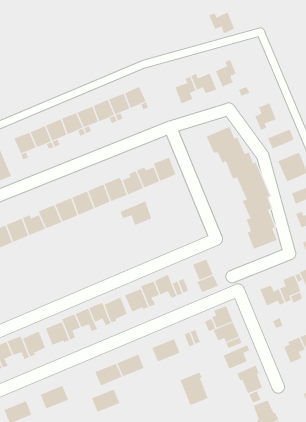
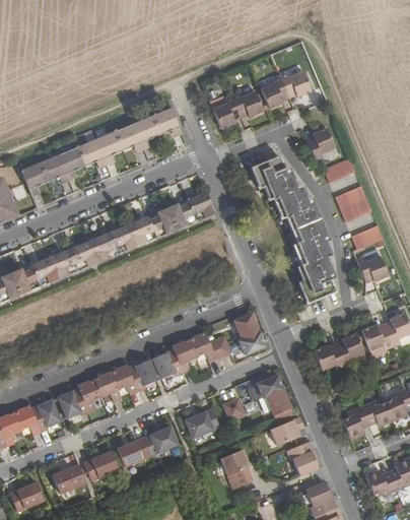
building: [208,12,235,34] -> [279,70,311,96]
building: [120,200,152,226] -> none
building: [91,389,120,413] -> [83,451,118,479]

